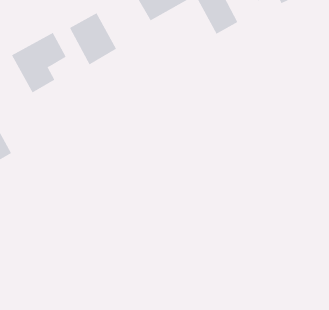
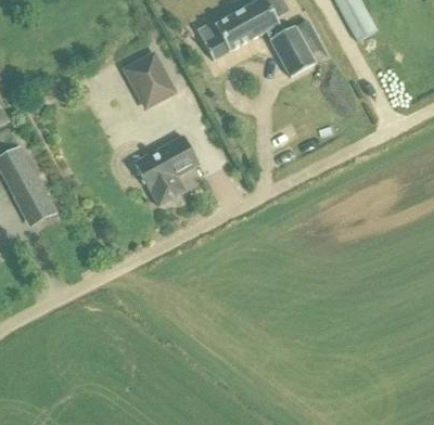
building: [11,32,67,93] -> [135,137,197,206]

